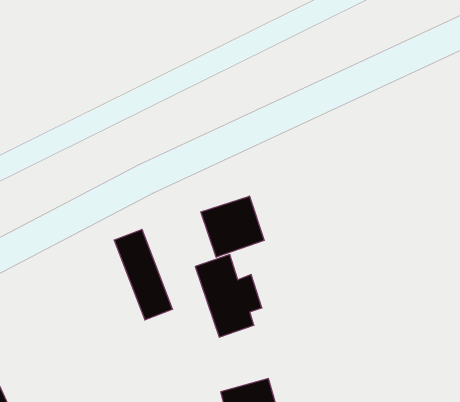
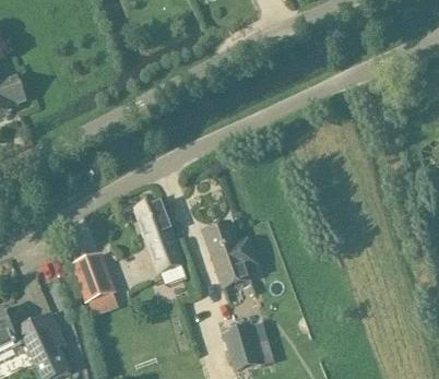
building: [201,196,264,257] -> none
building: none -> [71,256,114,299]

